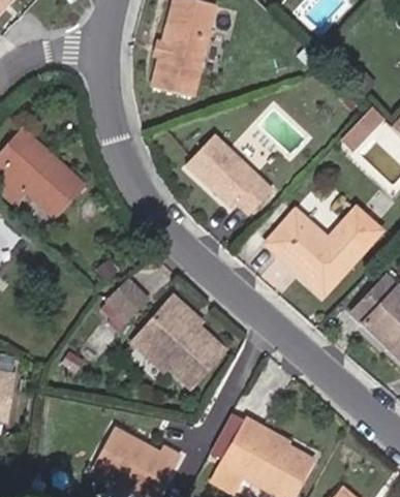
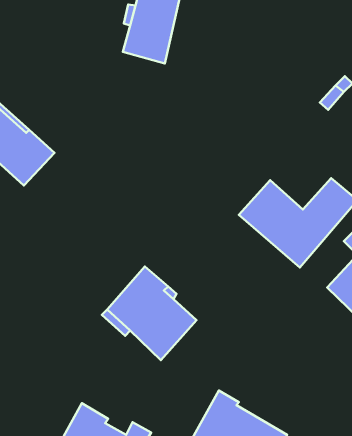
building: [187,134,272,213] -> none
building: [105,279,151,324] -> none

